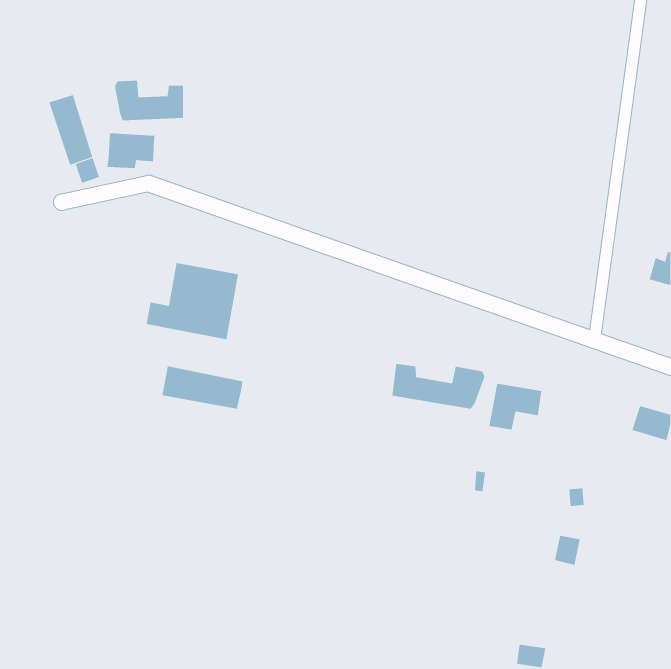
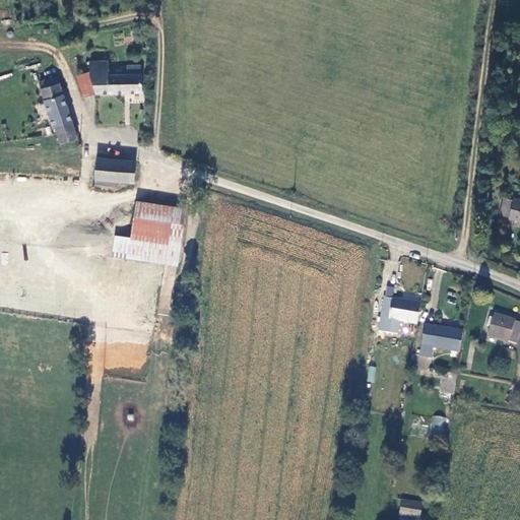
building: [107,133,155,168] -> [95,159,133,187]
building: [392,363,485,410] -> none
building: [162,366,243,410] -> none
building: none -> [419,324,459,356]

